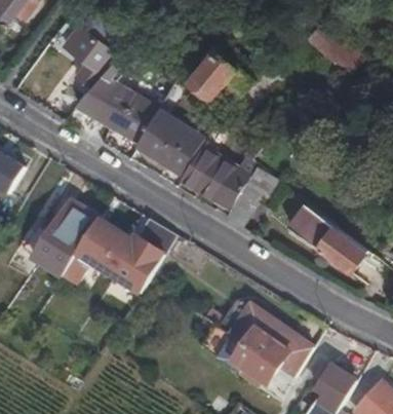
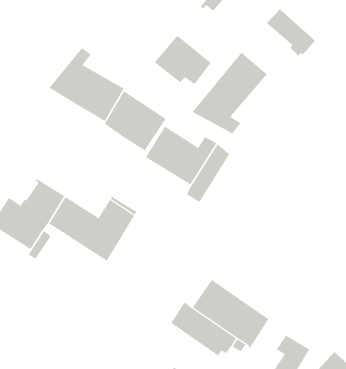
building: [66,25,130,88] -> none
building: none -> [192,52,268,134]
building: [274,191,365,271] -> none

